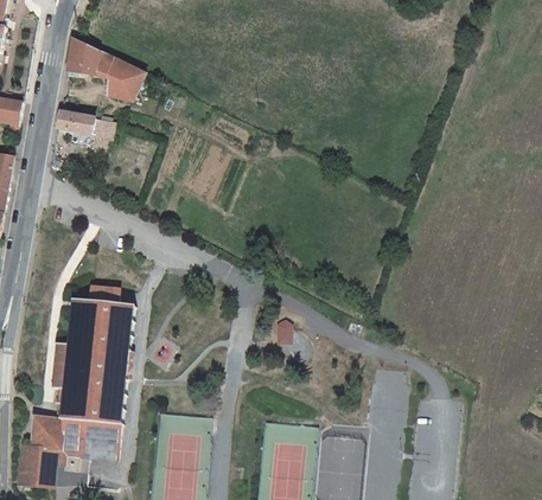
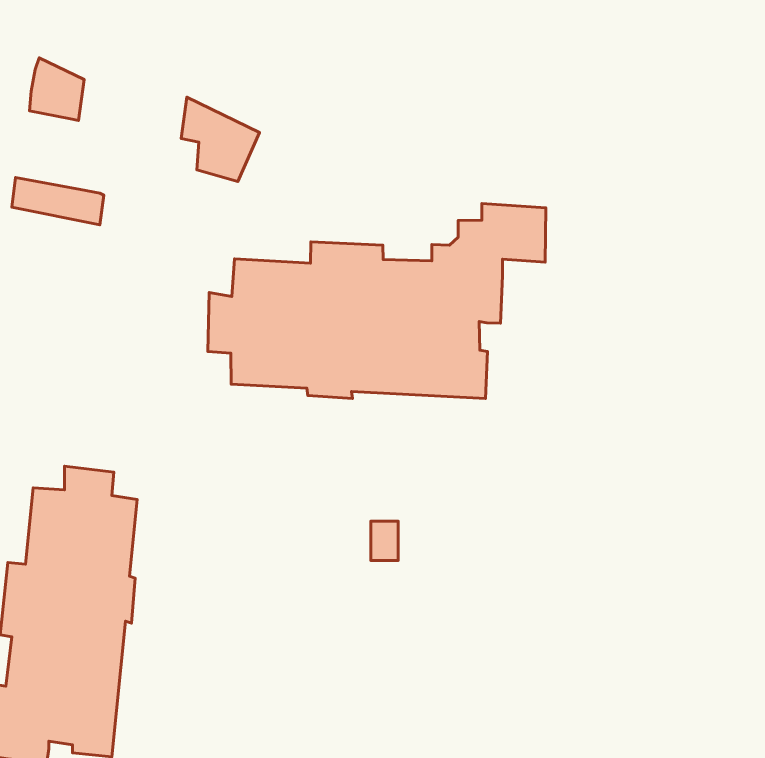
building: [97,51,145,102] -> [181,97,260,182]
building: none -> [208,203,546,399]

